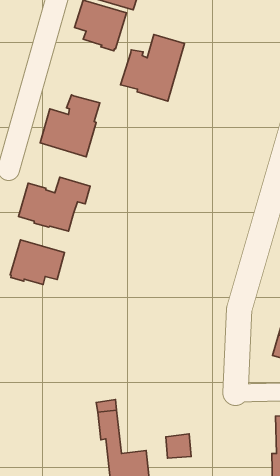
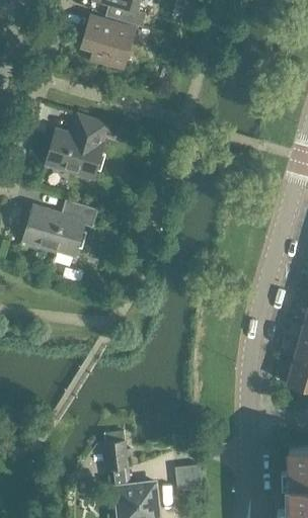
building: [120,34,184,101] -> none
building: [10,240,64,284] -> none

